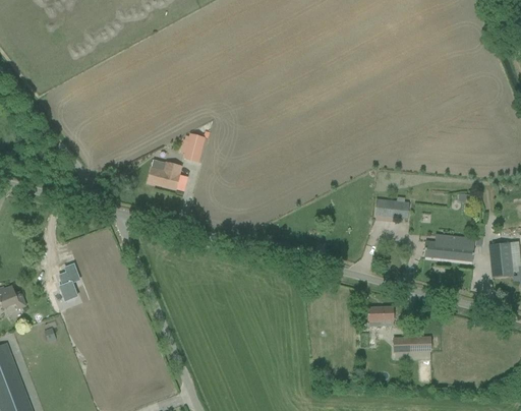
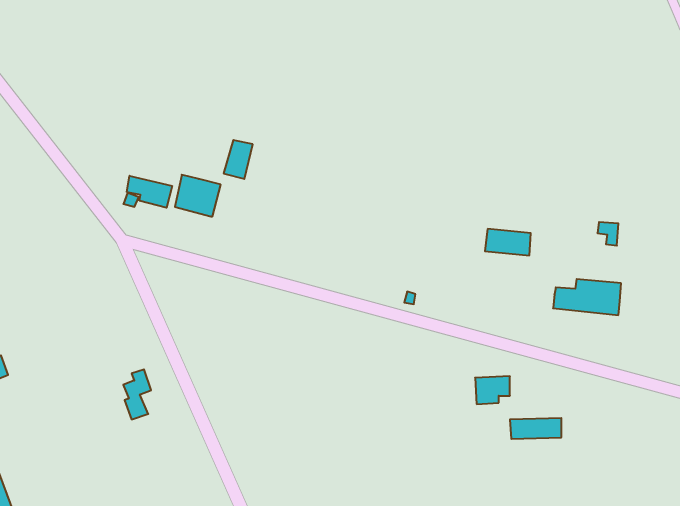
building: none -> [127,176,172,208]
building: [488,243,513,277] -> none
building: [59,263,79,300] -> [123,369,151,419]

